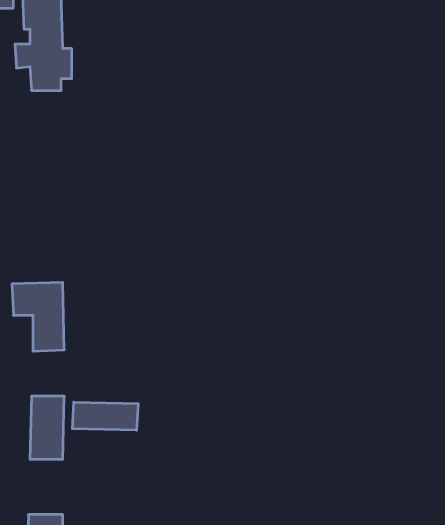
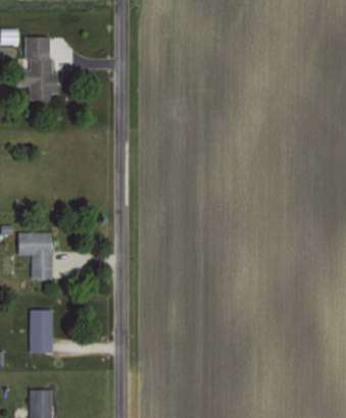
building: [72,402,138,430] -> none

